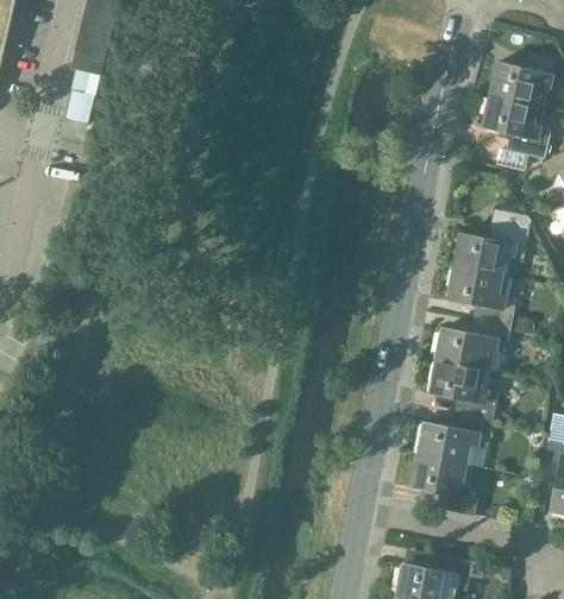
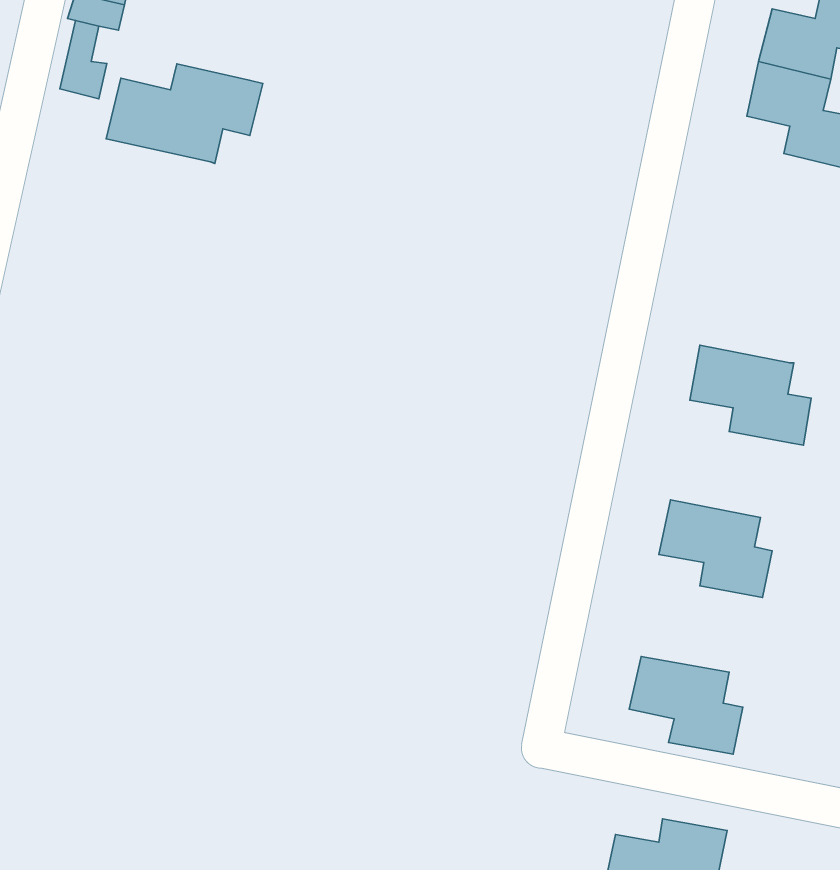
building: none -> [106,64,263,164]
building: [453,209,529,278] -> none
building: [435,320,509,373] -> none
building: [418,414,491,466] -> none

